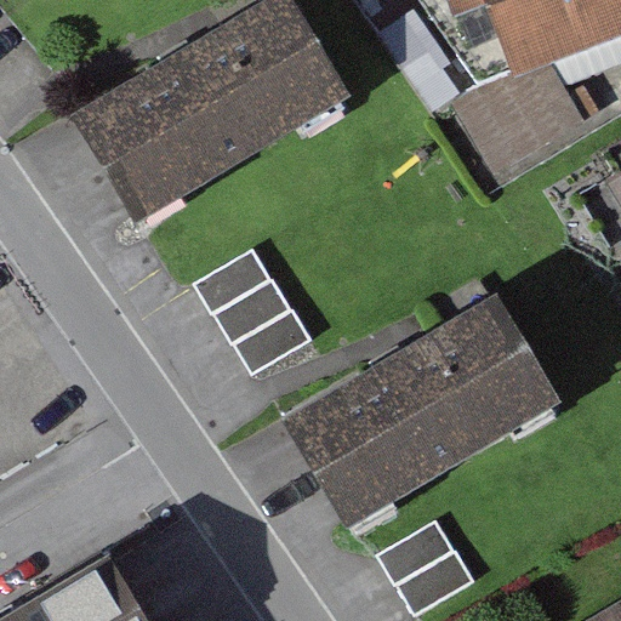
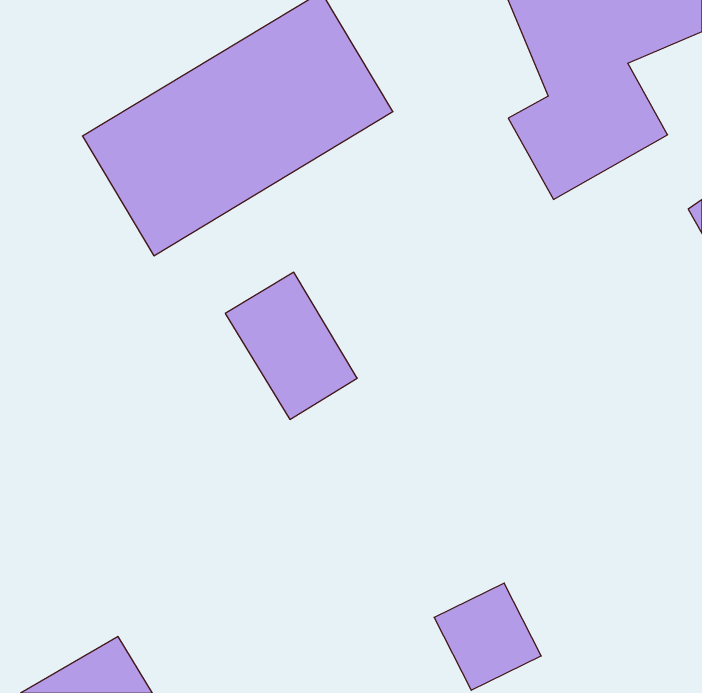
building: [284,297,553,523] -> none

